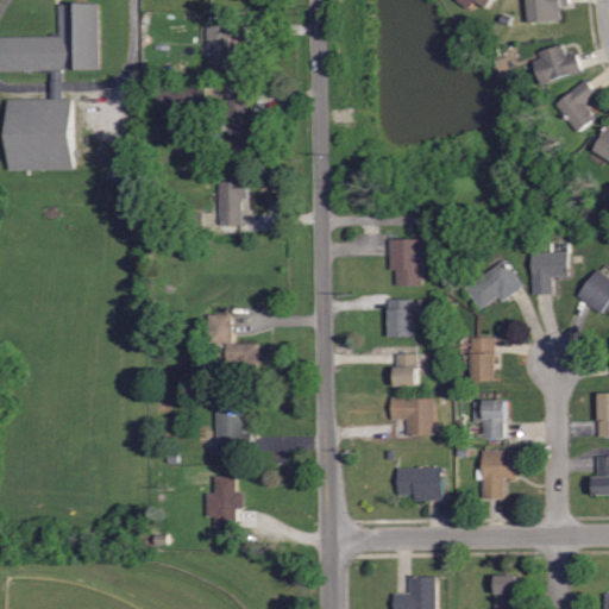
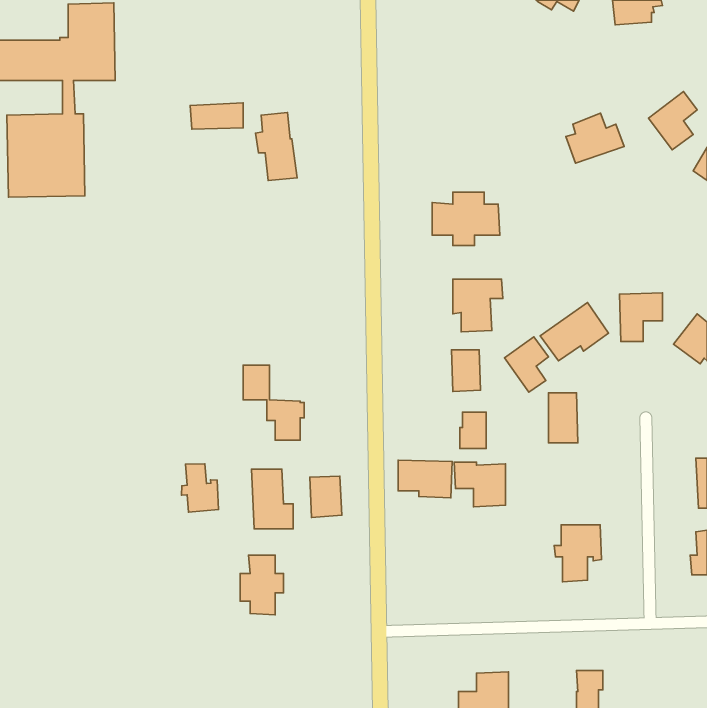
building: [206,25,228,69] -> none
building: [530,43,580,86] -> [566,113,624,163]
building: none -> [432,192,500,245]
building: [218,176,246,225] -> none
building: none -> [505,337,549,392]
building: none -> [182,464,219,512]
building: [473,401,504,439] -> none
building: none -> [310,476,342,517]
building: [396,467,442,500] -> [398,460,452,498]

